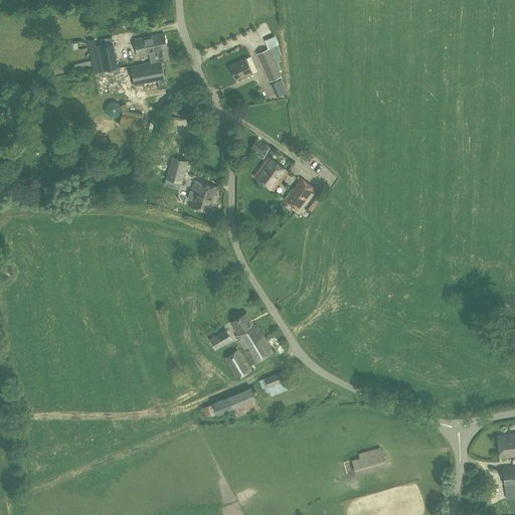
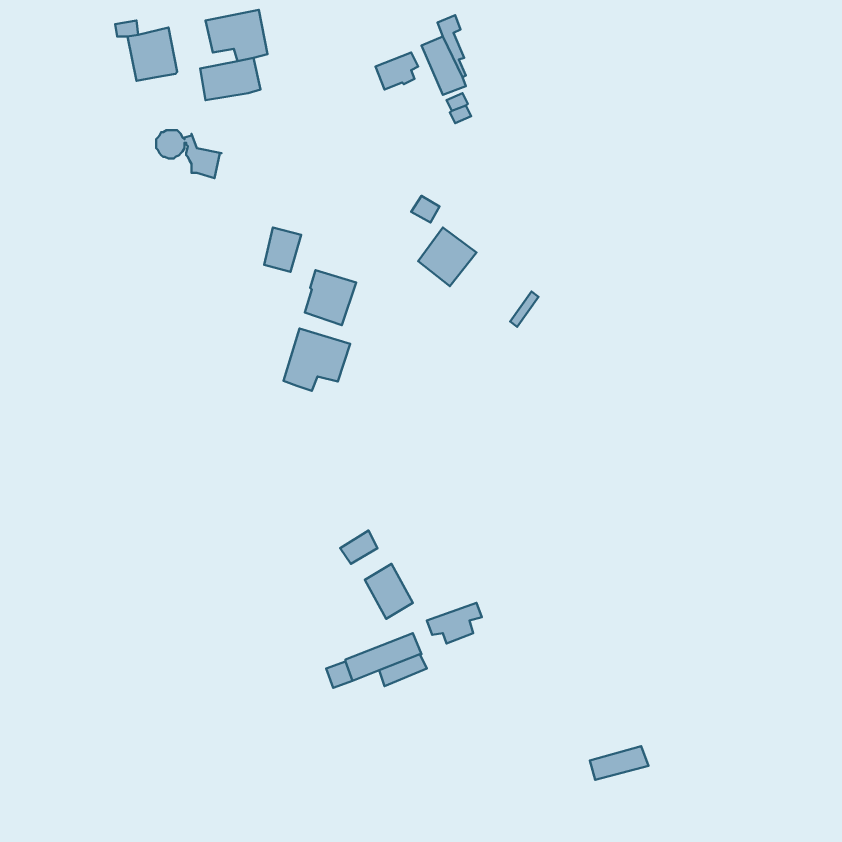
building: [283,177,314,210] -> none
building: none -> [283,328,350,391]
building: [230,313,272,363] -> none

